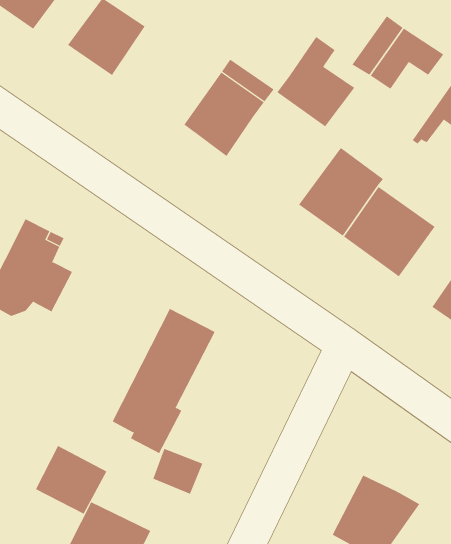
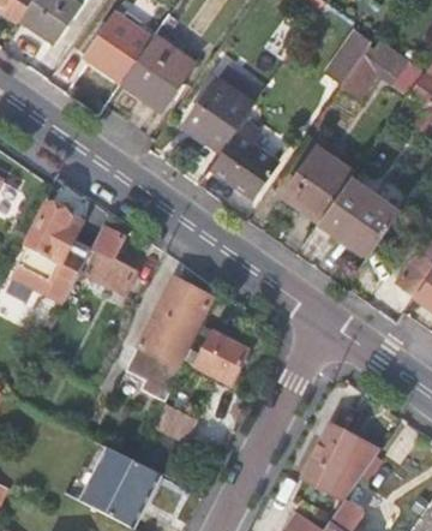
building: none -> [122,34,194,108]
building: [277,36,355,127] -> [209,118,276,196]
building: none -> [83,225,133,294]
building: none -> [185,334,245,382]
building: [35,445,107,514] -> none

